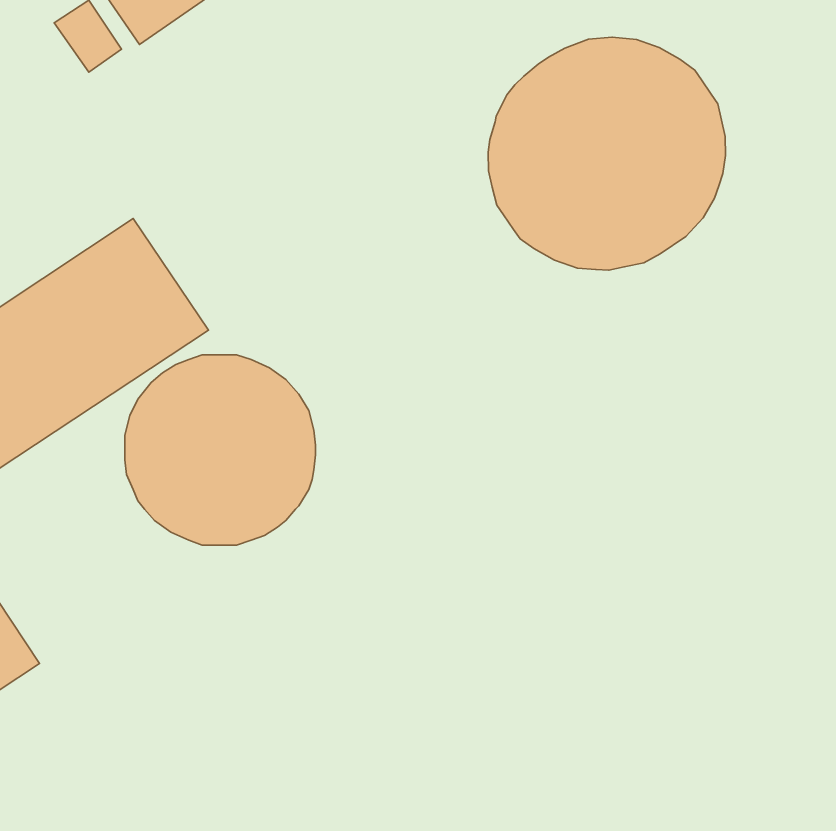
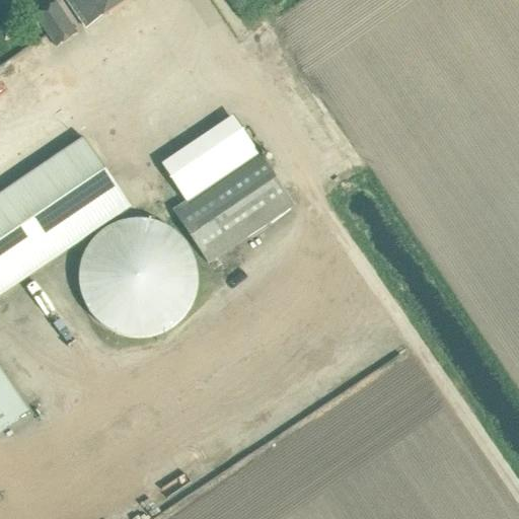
building: [488,37,725,270] -> none
building: none -> [167,121,295,260]

